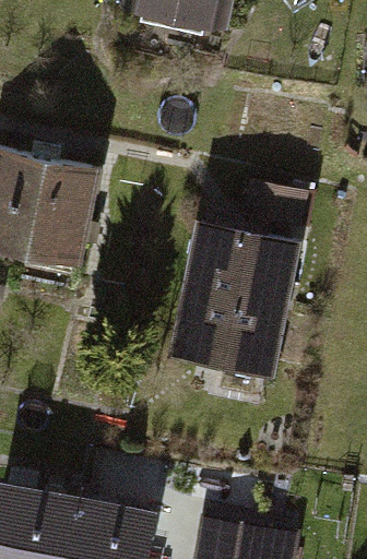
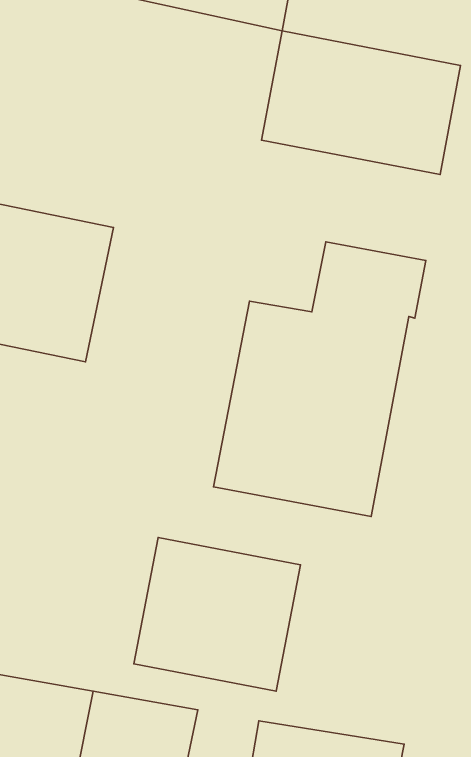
building: none -> [262,31,461,175]
building: none -> [134,538,301,691]

